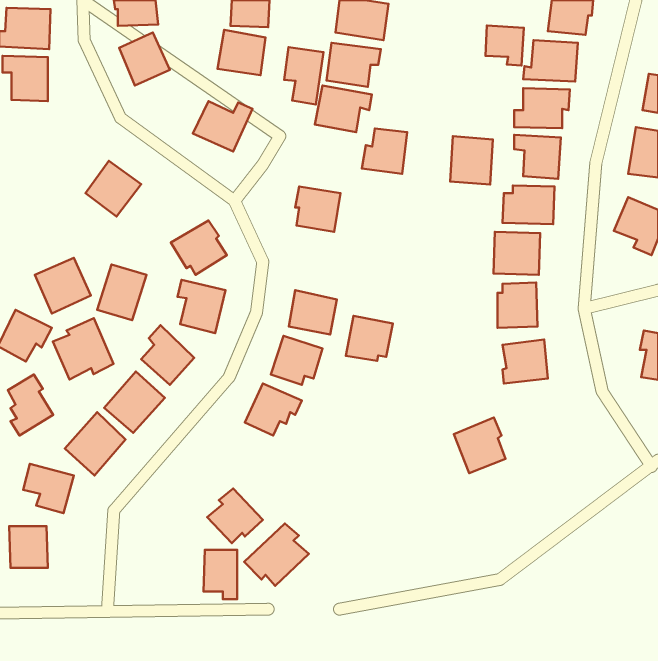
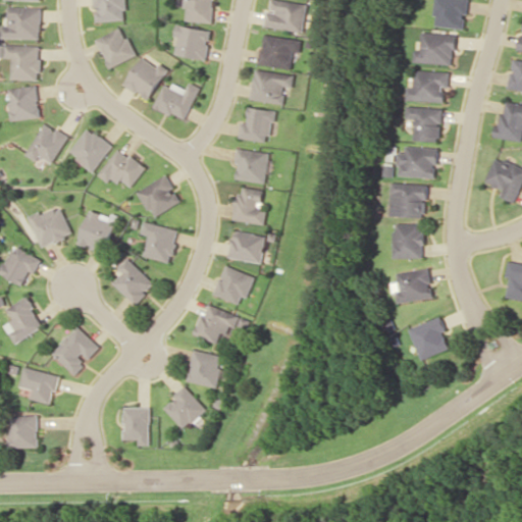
building: [486,25,524,66] -> none
building: [284,47,324,105] -> none
building: none -> [121,57,167,100]
building: none -> [7,86,38,120]
building: [362,128,407,174] -> [237,107,272,143]
building: [450,136,493,185] -> none
building: none -> [25,123,66,164]
building: none -> [98,148,144,188]
building: none -> [232,187,266,224]
building: [346,316,393,361] -> none
building: [53,318,113,379] -> none
building: [104,372,165,433] -> none
building: [454,417,505,473] -> [408,316,449,360]
building: none -> [187,349,222,387]
building: [244,523,309,586] -> none
building: [203,550,237,599] -> [122,407,149,446]

